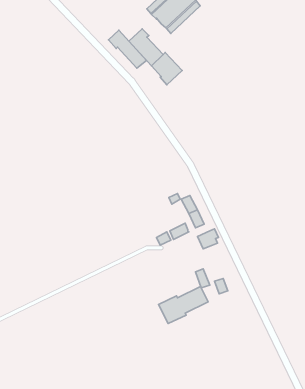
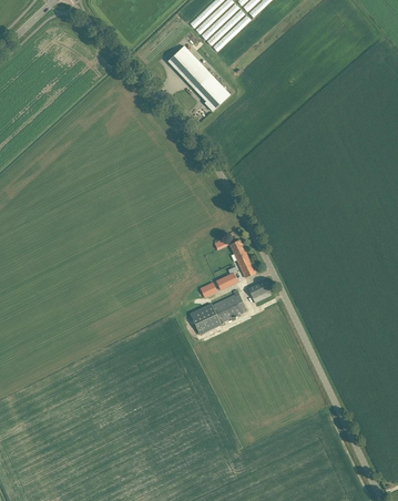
building: [108,30,147,68] -> none
building: [159,286,208,324] -> [190,292,247,335]

